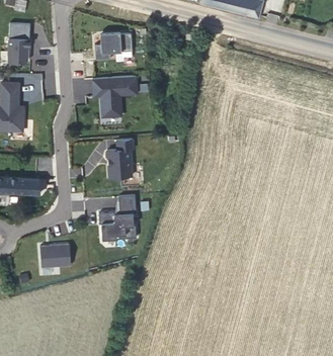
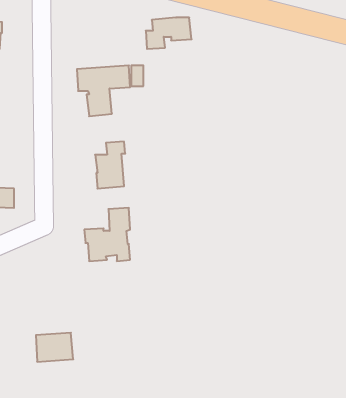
building: [94,32,133,59] -> [146,18,192,49]
building: [38,244,70,268] -> [36,333,73,362]

